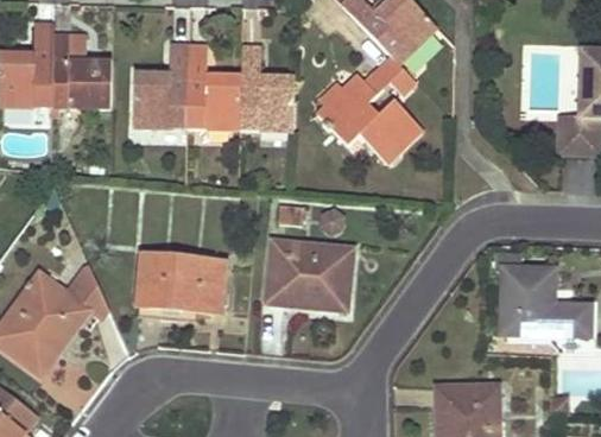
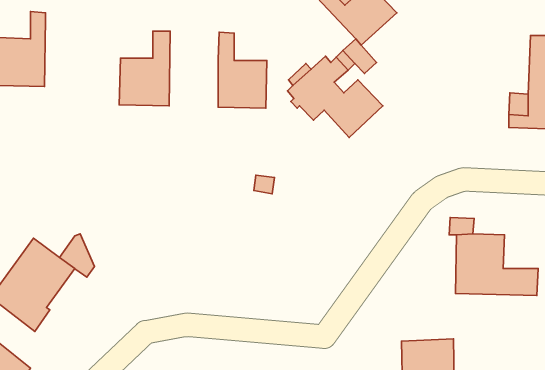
building: [51,33,113,108] -> none
building: [188,46,241,129] -> none
building: [267,241,354,312] -> none
building: [139,256,223,308] -> none

